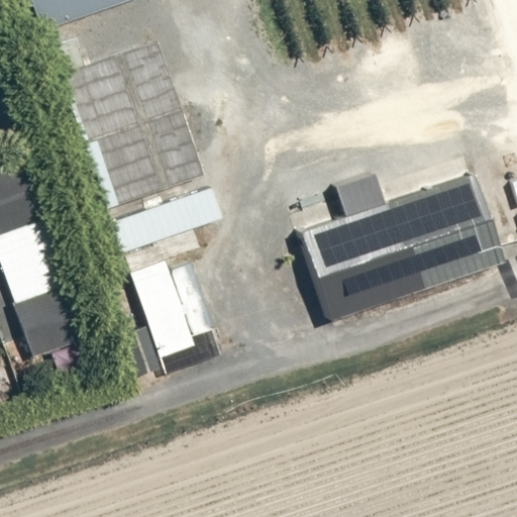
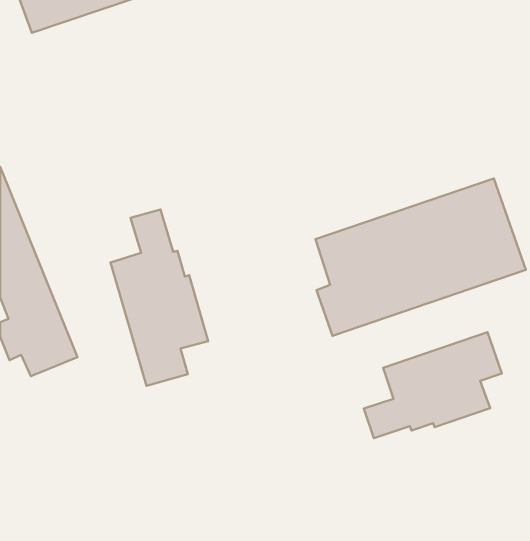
building: [60,41,203,211] -> none
building: none -> [364,332,502,438]

